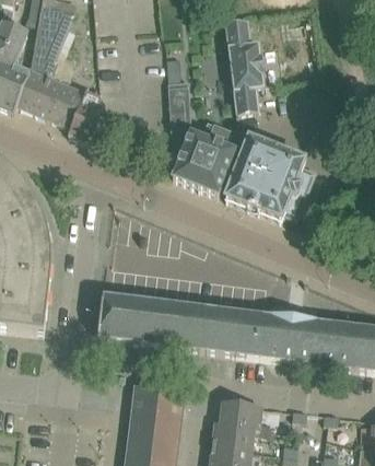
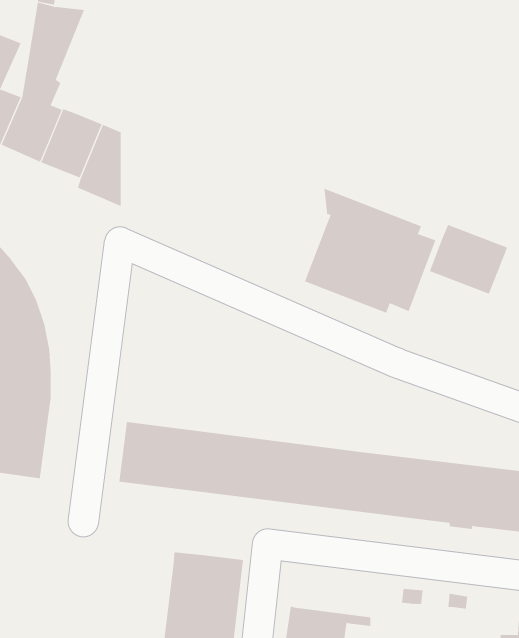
building: [225,20,263,112] -> none
building: [167,72,235,194] -> none
building: none -> [429,224,508,295]
building: [219,399,271,428] -> none

